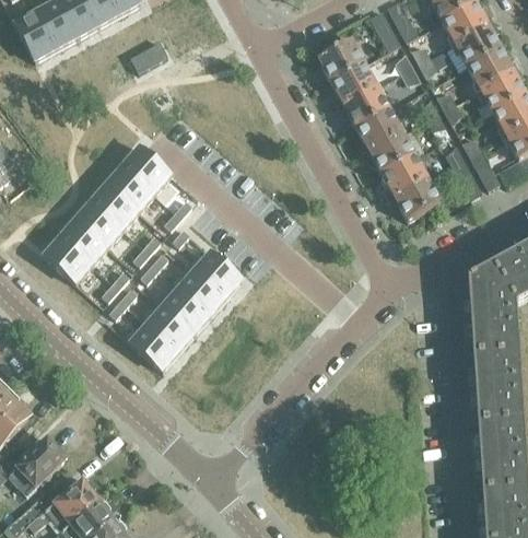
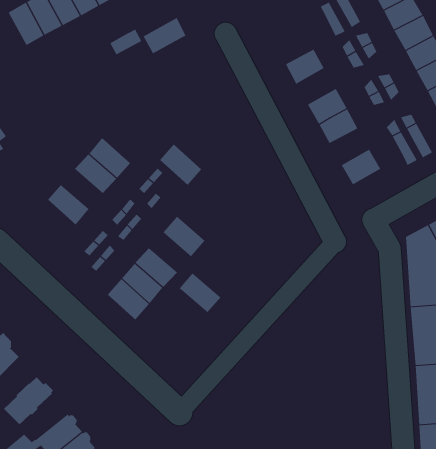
building: none -> [143,17,186,54]
building: [318,40,364,81] -> none
building: [343,85,389,127] -> none
building: [122,145,172,194] -> [159,143,202,186]
building: [382,154,427,196] -> none
building: [75,200,124,246] -> none
building: [44,235,93,283] -> none
building: [176,272,224,318] -> [179,273,221,313]

